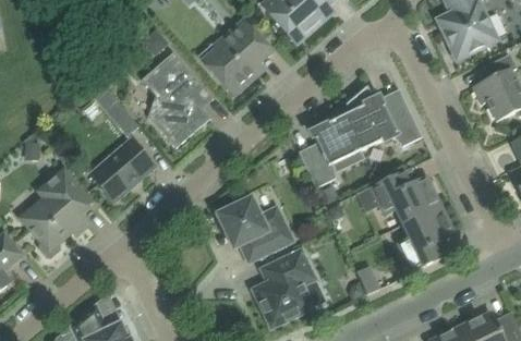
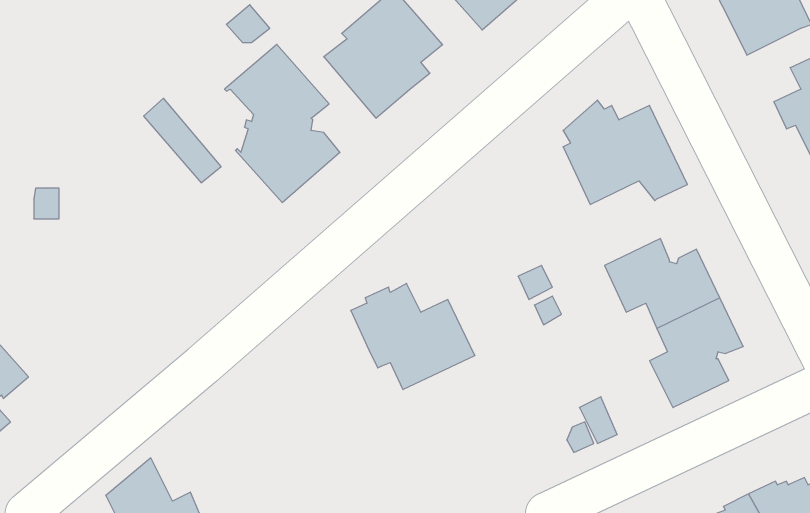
building: [298,114,362,187] -> none
building: [89,138,154,202] -> none
building: [21,169,93,257] -> none
building: [253,248,316,327] -> none

